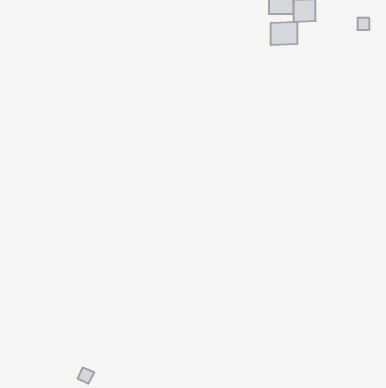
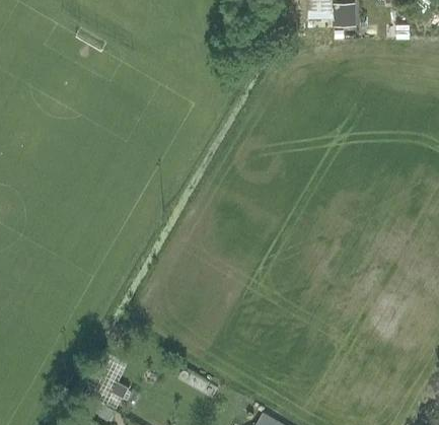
building: [271,22,297,45] -> none

